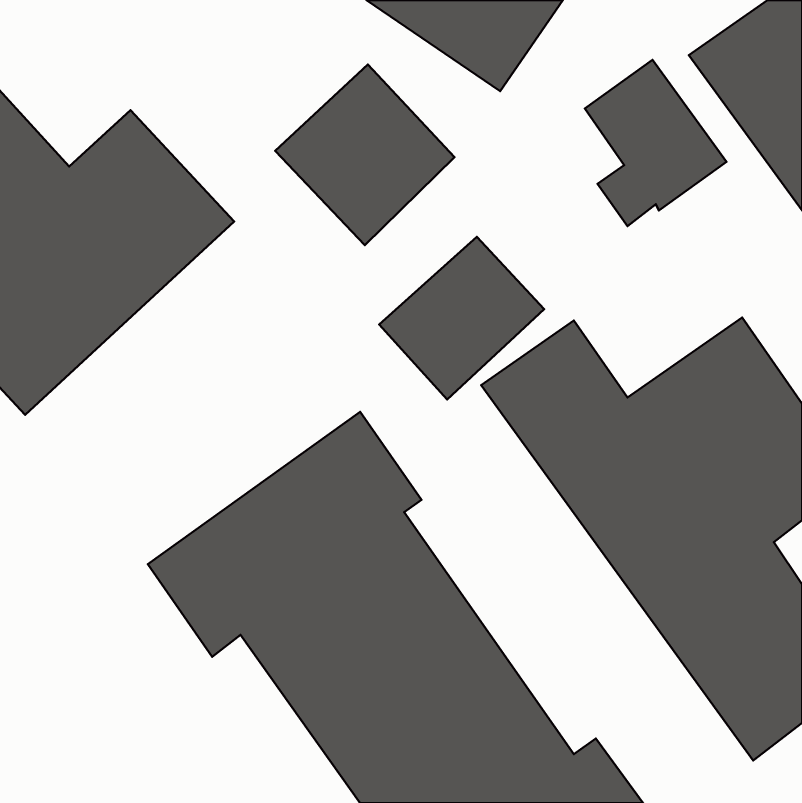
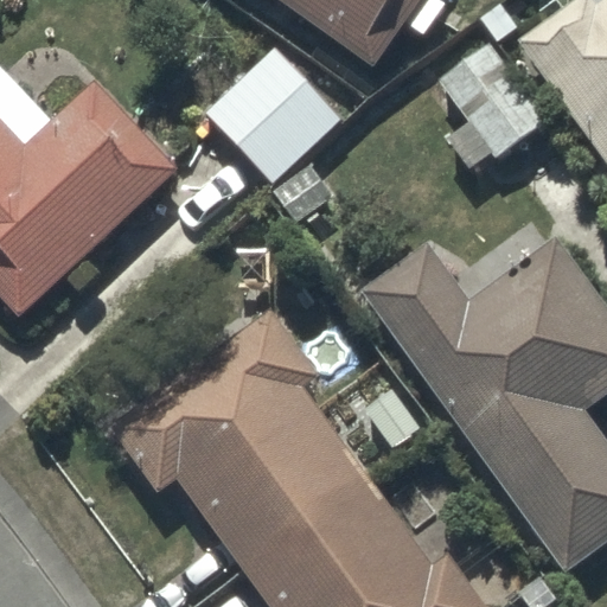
building: [379,237,544,399] -> none

